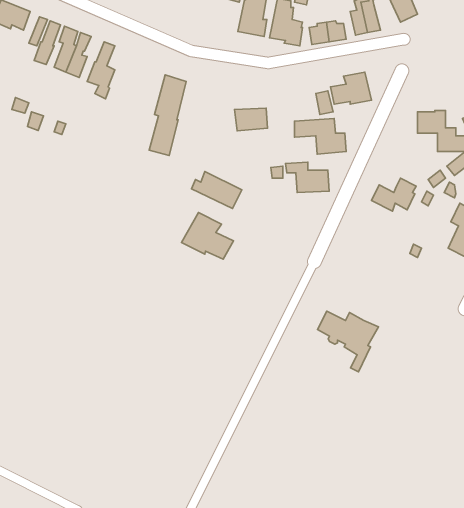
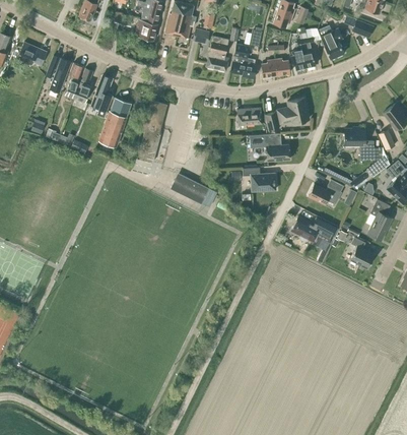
building: none -> [98,97,131,146]
building: [235,108,268,131] -> [236,108,262,125]
building: [182,213,233,259] -> none
building: none -> [350,237,375,267]
building: [318,311,378,372] -> [291,215,338,262]

